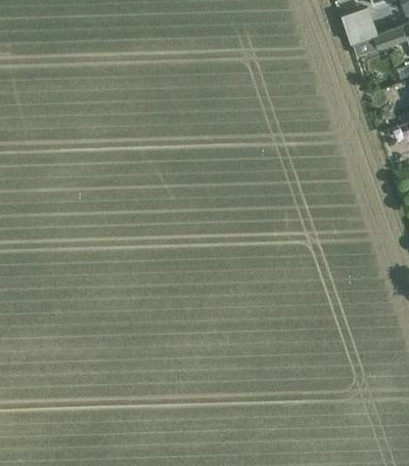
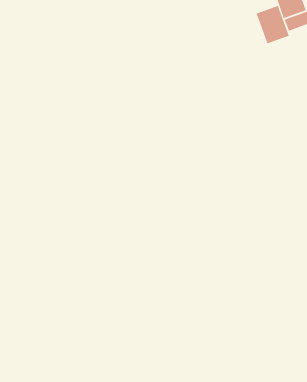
building: none -> [256,5,289,44]

